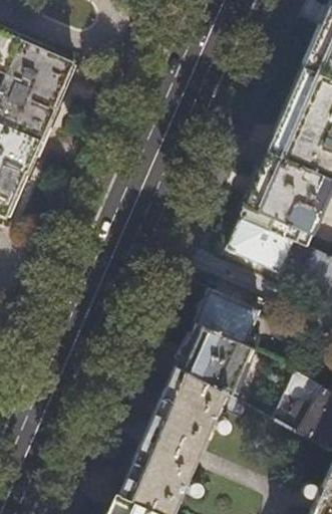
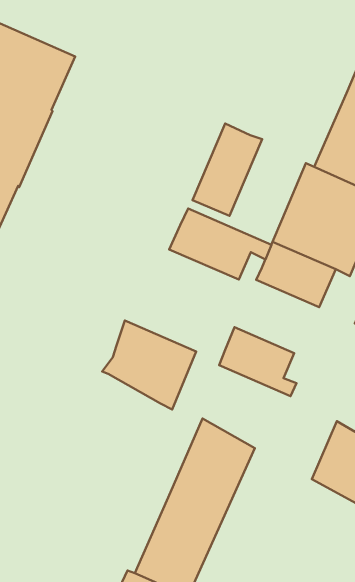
building: none -> [193,124,262,216]
building: none -> [169,209,271,279]
building: [178,323,257,399] -> [102,320,196,410]

